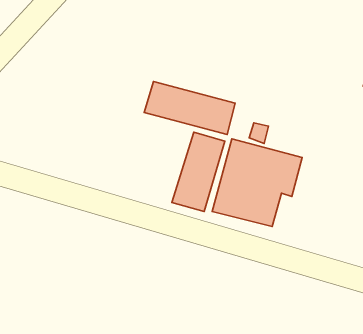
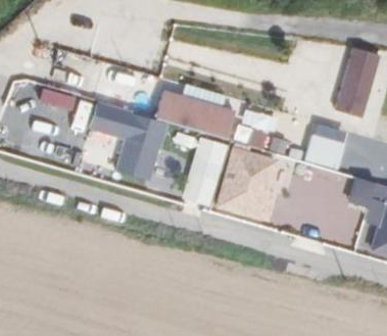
building: none -> [91,102,166,180]
building: none -> [302,131,343,170]

